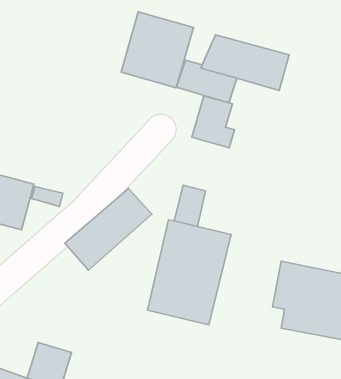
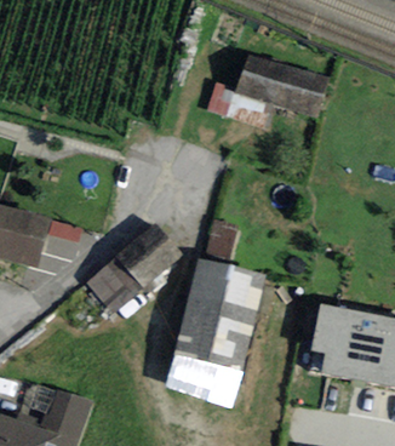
building: [121,12,193,88] -> none
building: [192,96,234,148] -> none
building: none -> [164,355,241,408]

